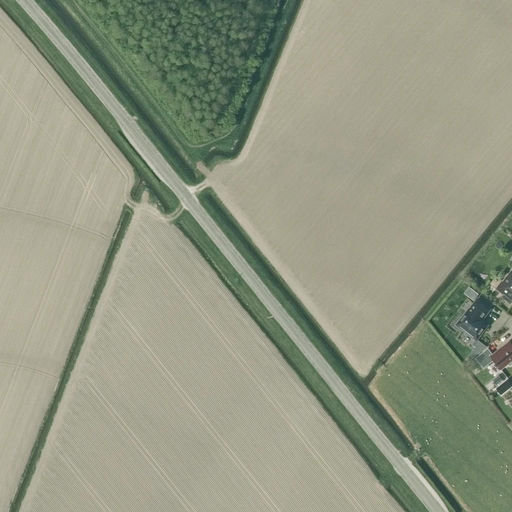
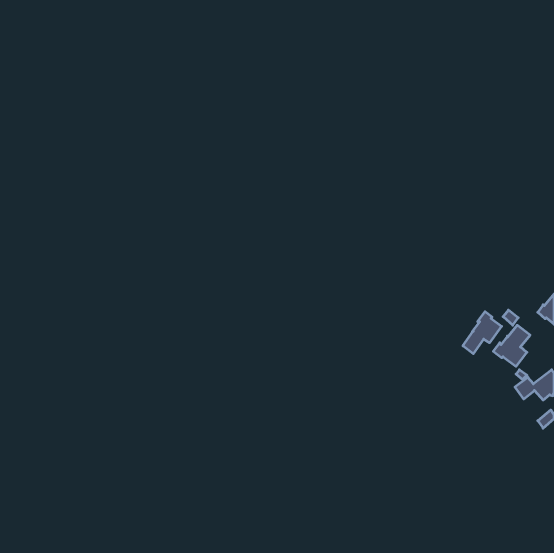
building: none -> [463,312,502,354]

